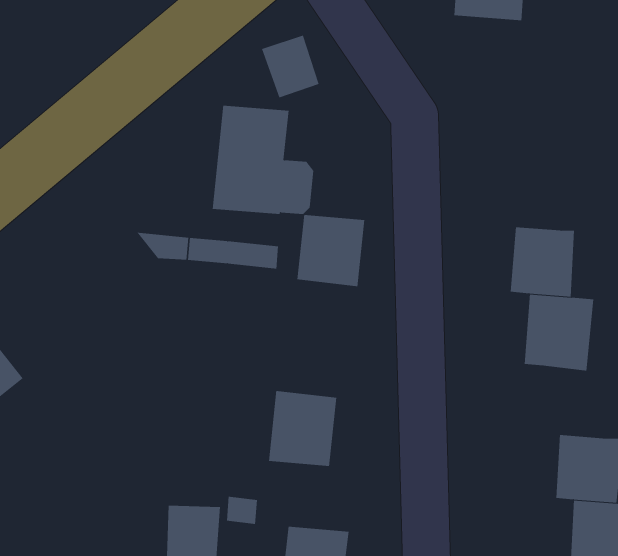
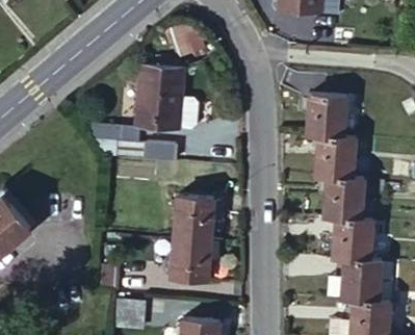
building: none -> [307,94,346,137]
building: [297,214,365,287] -> [175,194,215,236]
building: none -> [330,217,371,260]

